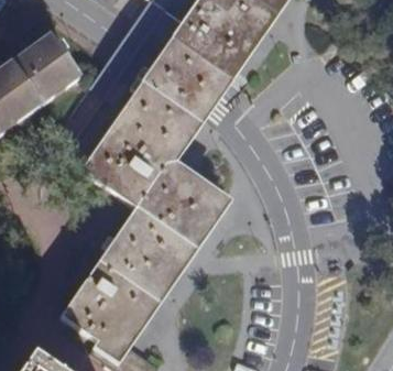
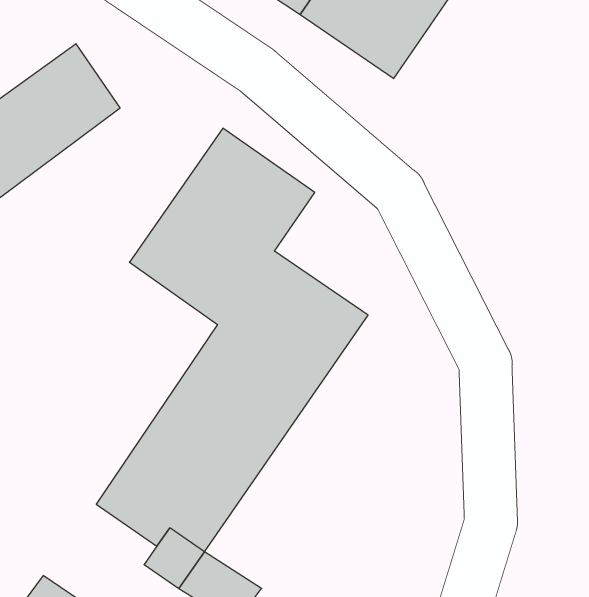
building: [140,20,242,127] -> none

